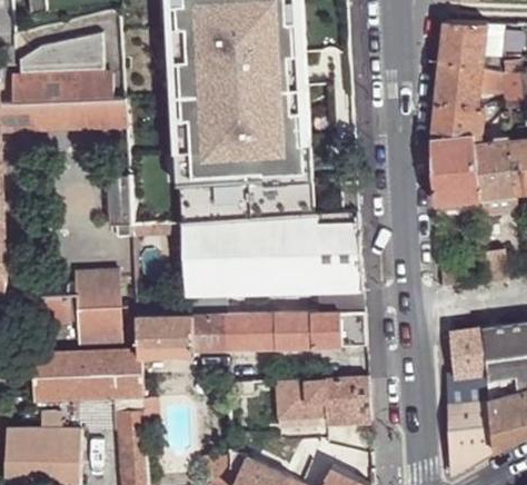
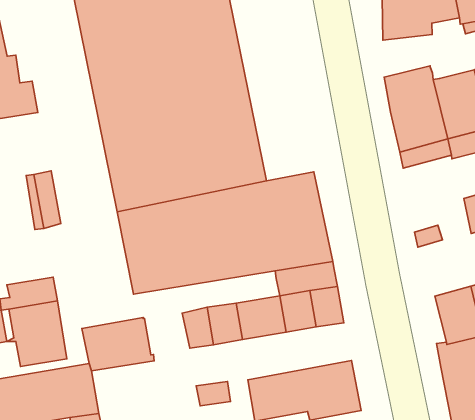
building: [429,106,483,138] -> none
building: [192,318,228,350] -> none

